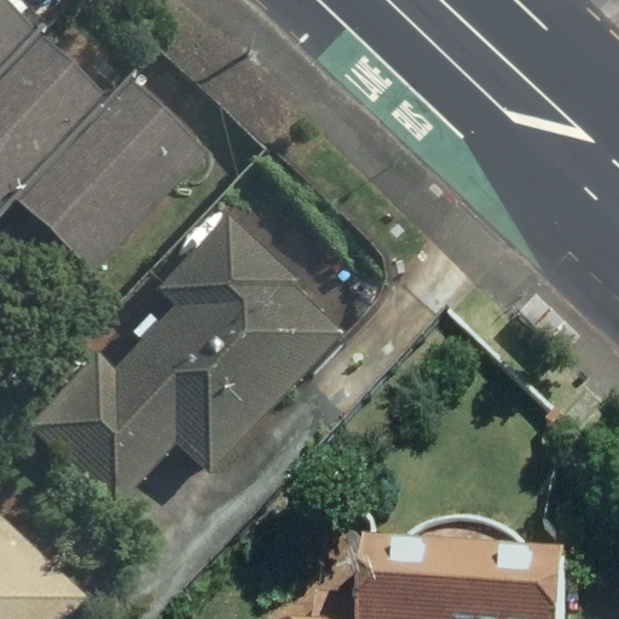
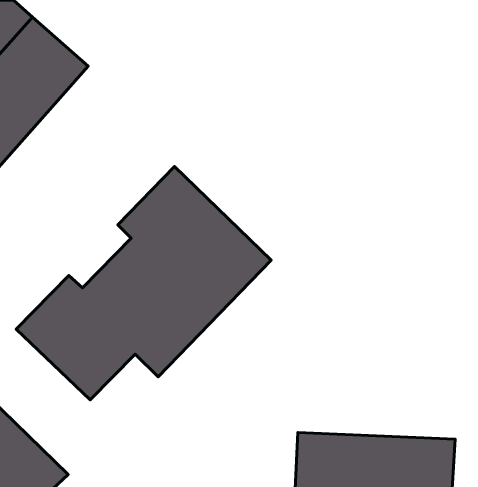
building: [28,77,210,261] -> none

